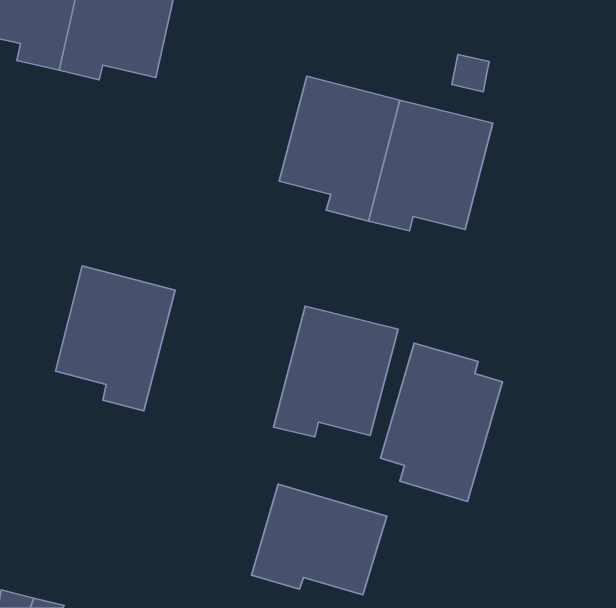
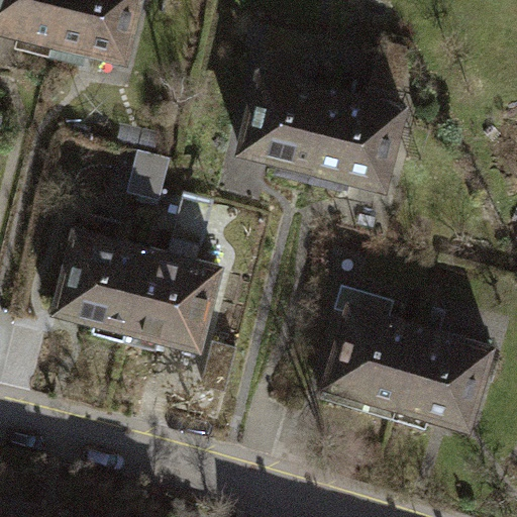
building: [274,306,398,437] -> [120,242,224,351]
building: none -> [391,319,498,430]
building: [251,484,387,595] -> none

